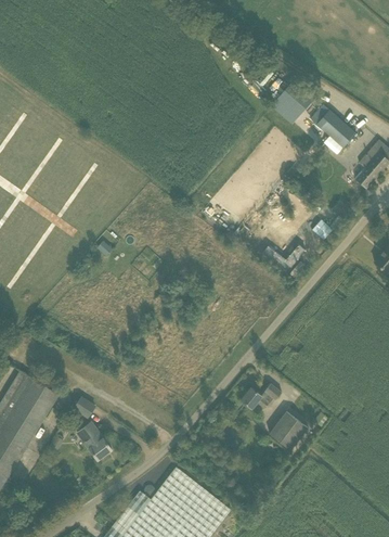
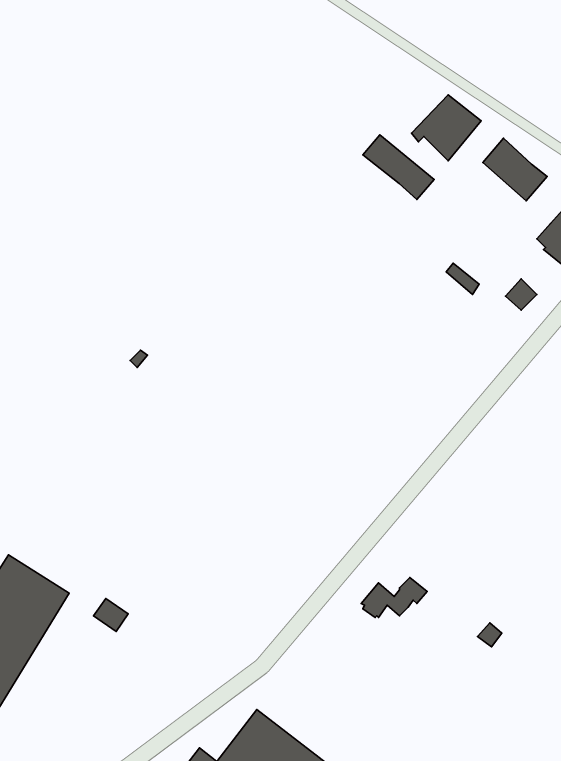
building: none -> [363,135,434,199]
building: [269,412,306,451] -> none
building: [76,423,111,461] -> none

